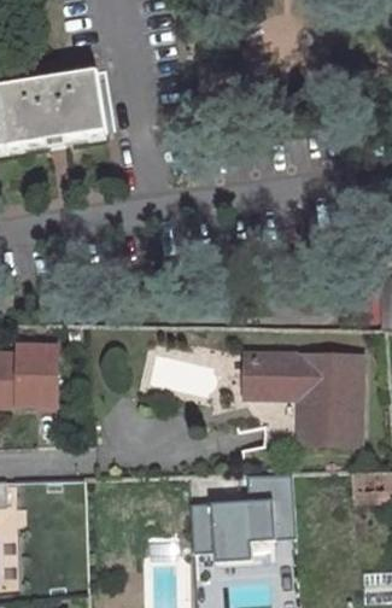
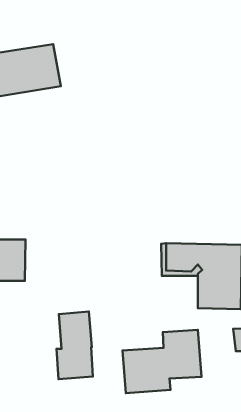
building: none -> [57,312,93,379]

